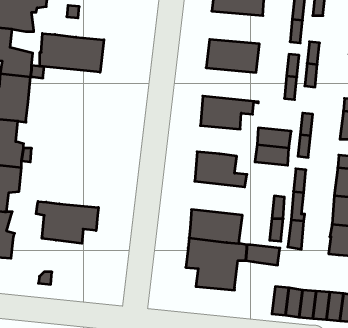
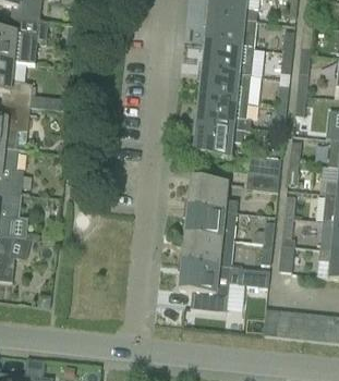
building: none -> [203,42,254,74]
building: [40,33,104,72] -> none
building: none -> [196,97,251,130]
building: none -> [185,206,237,238]
building: [36,201,98,243] -> none

